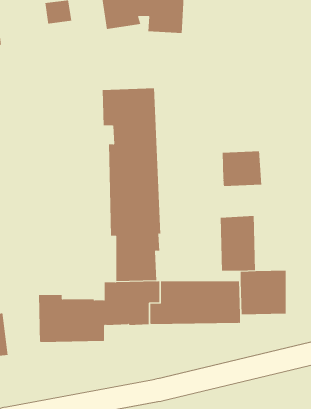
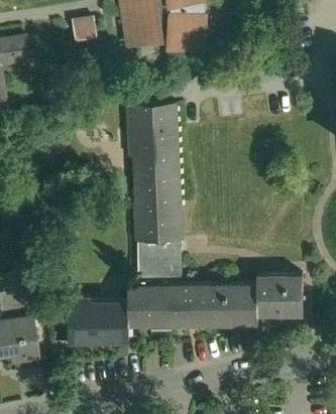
building: [222,150,262,187] -> none
building: [220,215,255,271] -> none

